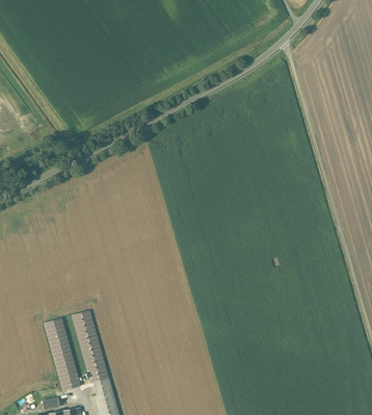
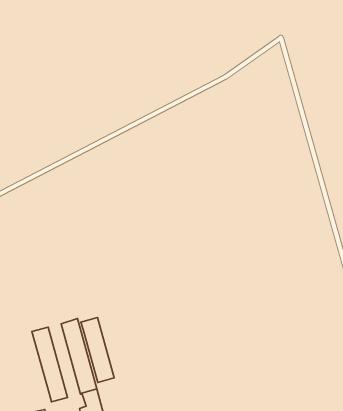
building: none -> [81,317,114,383]

